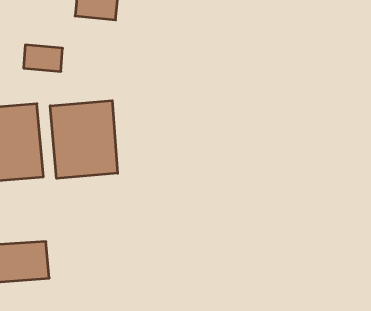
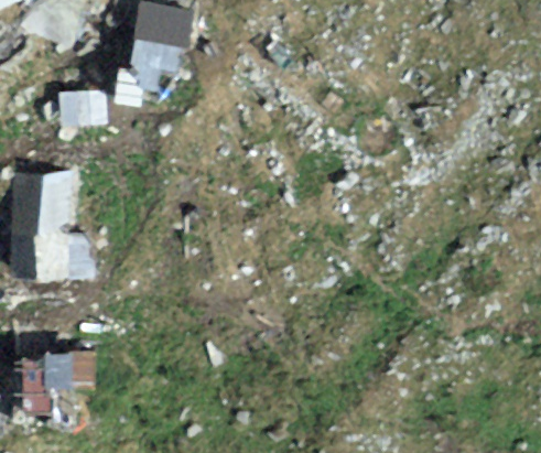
building: [50,101,118,178] -> none

